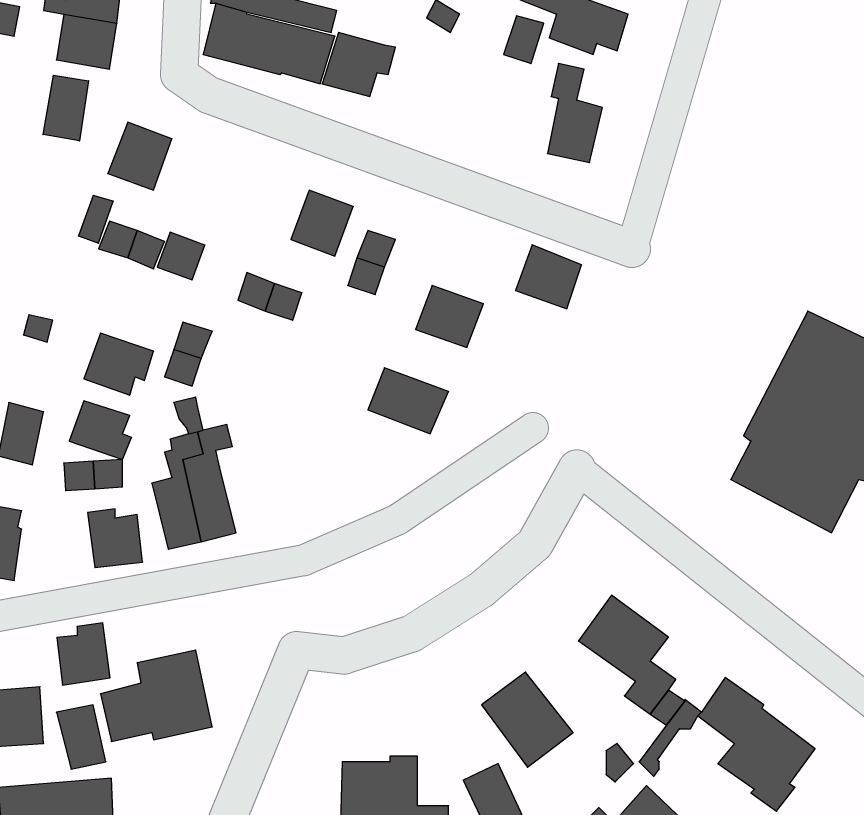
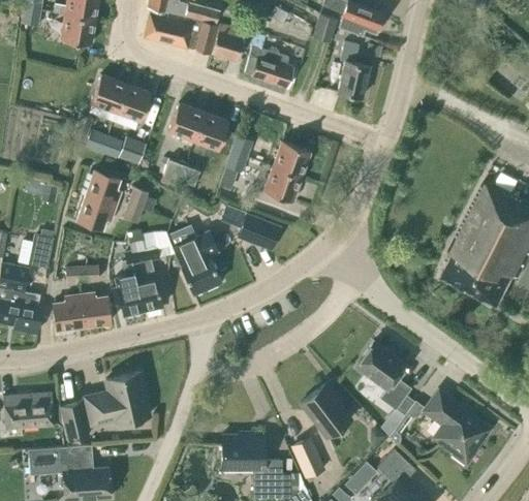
building: none -> [244,46,292,87]
building: [43,75,89,141] -> none
building: none -> [116,84,151,122]
building: none -> [168,103,204,140]
building: [516,245,582,309] -> [273,140,310,177]
building: none -> [172,228,221,293]
building: [69,401,132,459] -> [86,170,121,203]
building: [57,623,110,685] -> [53,294,83,330]

